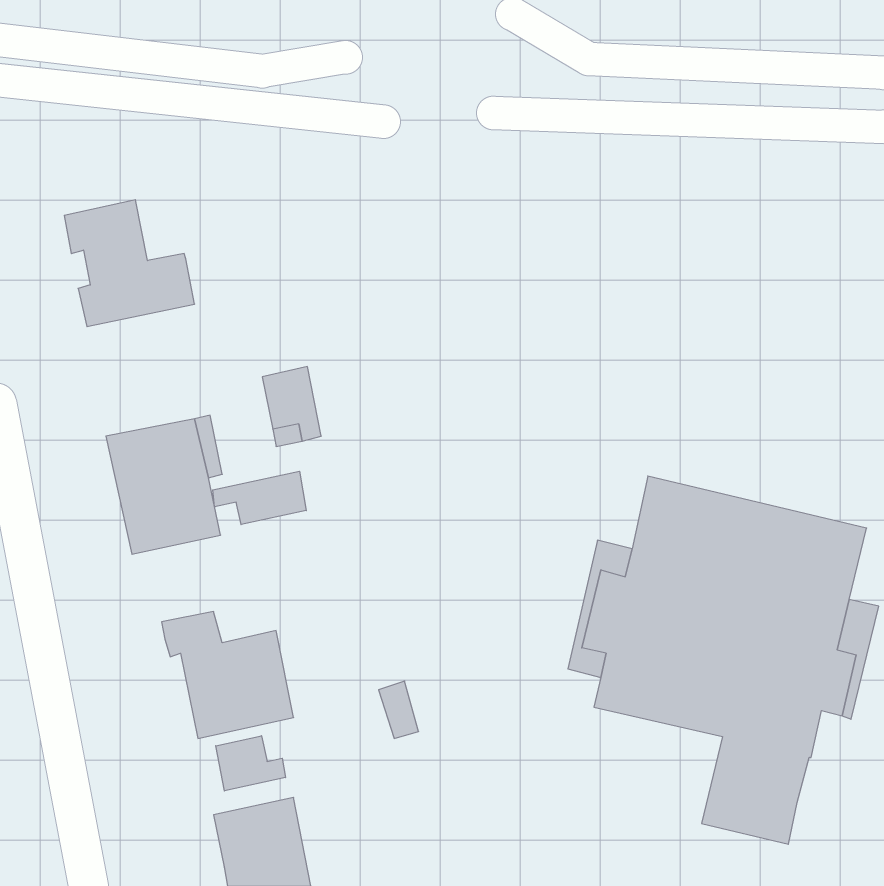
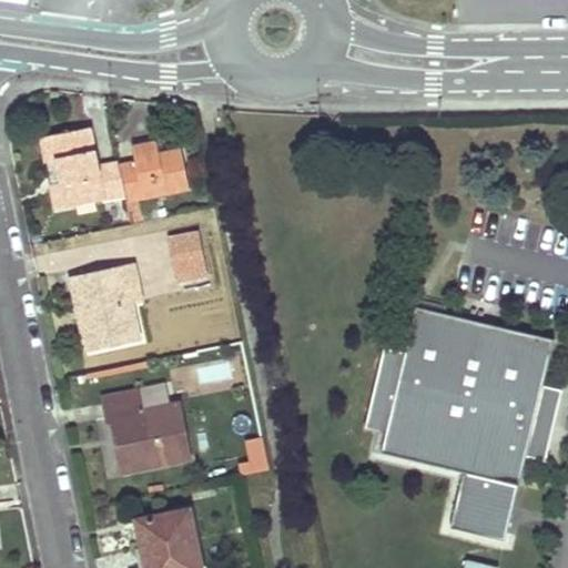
building: none -> [119,143,189,204]
building: [213,471,306,525] -> none
building: [216,736,285,791] -> none

